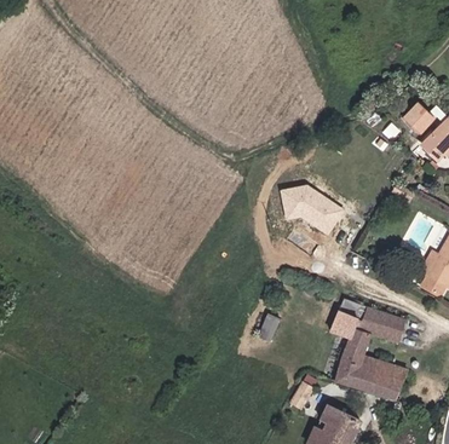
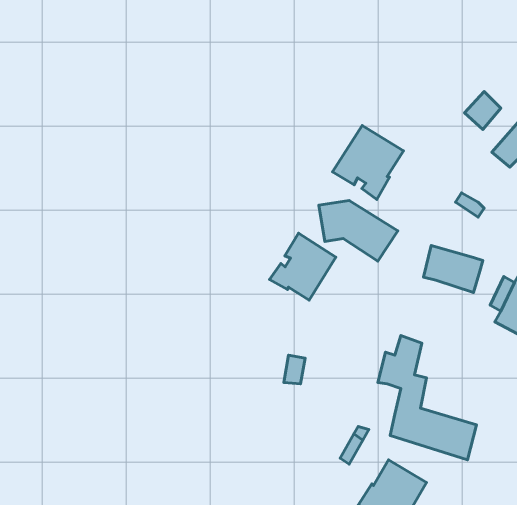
building: none -> [333,125,403,199]
building: none -> [270,233,336,300]
building: [358,302,405,340] -> [424,245,483,292]

